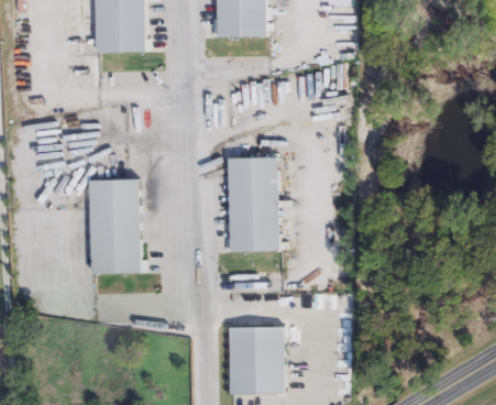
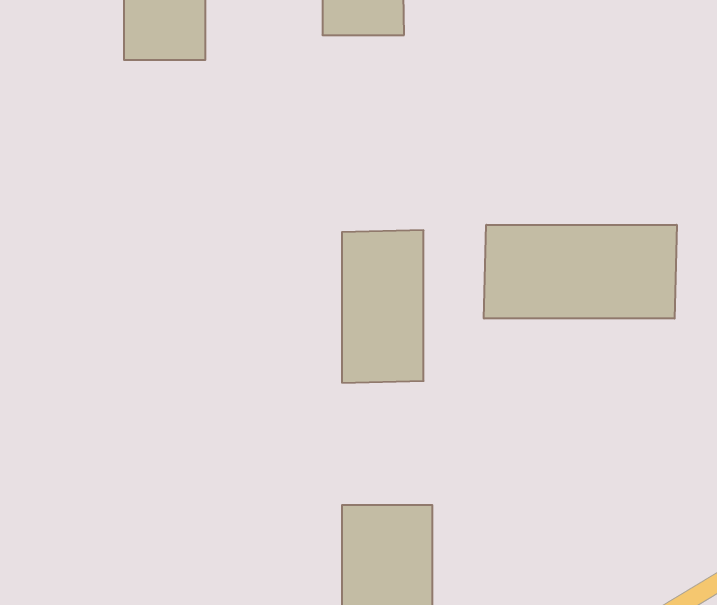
building: none -> [484,225,677,319]
building: [88,178,141,274] -> none

